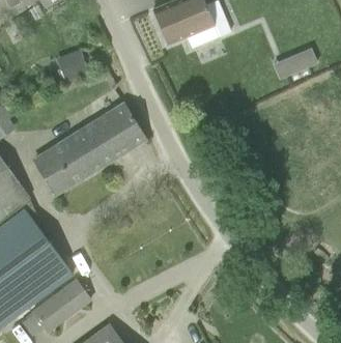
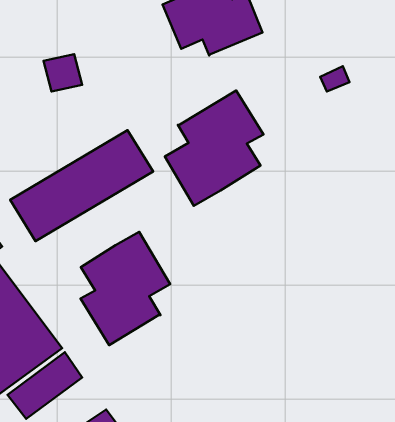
building: none -> [165,90,263,206]
building: none -> [81,232,170,345]

